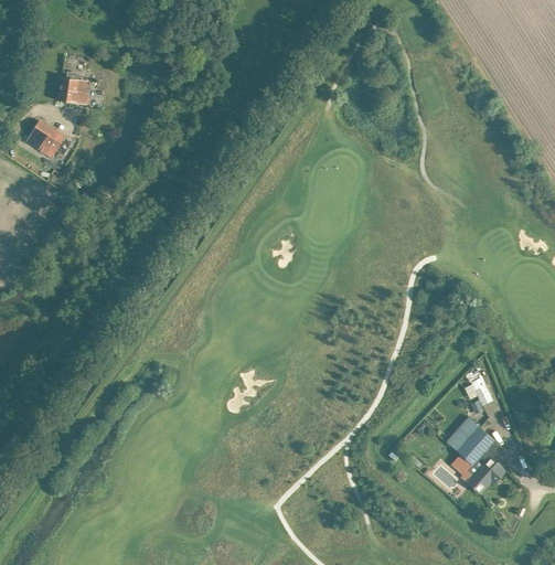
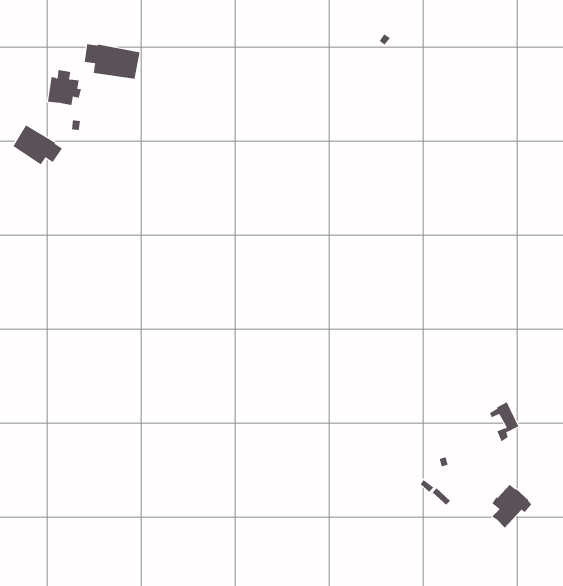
building: none -> [84,43,140,79]
building: [447,416,495,465] -> none

